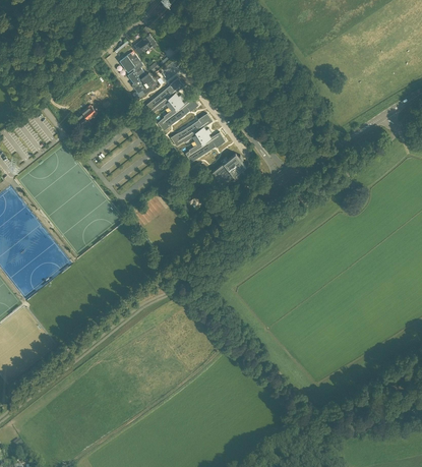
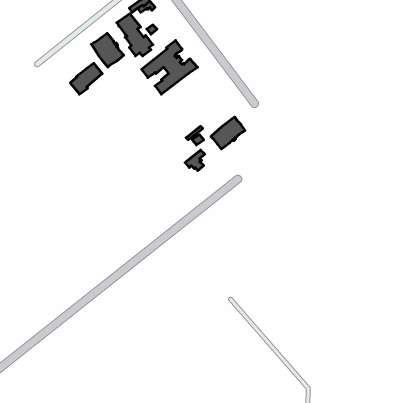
building: none -> [91,33,124,67]
building: [170,113,225,163] -> none

